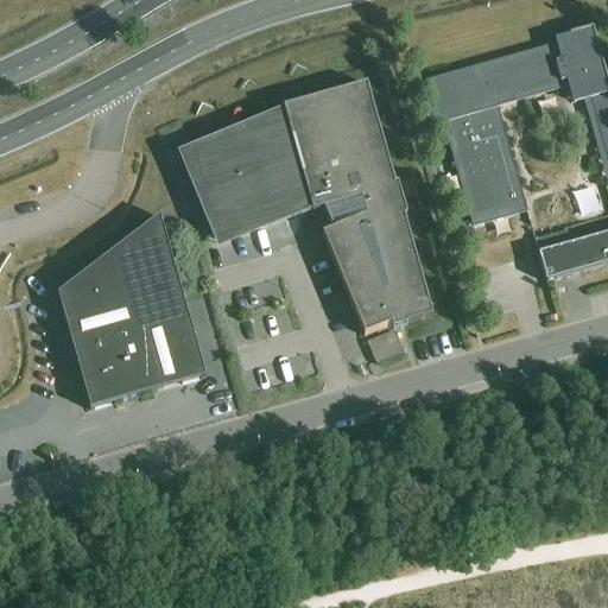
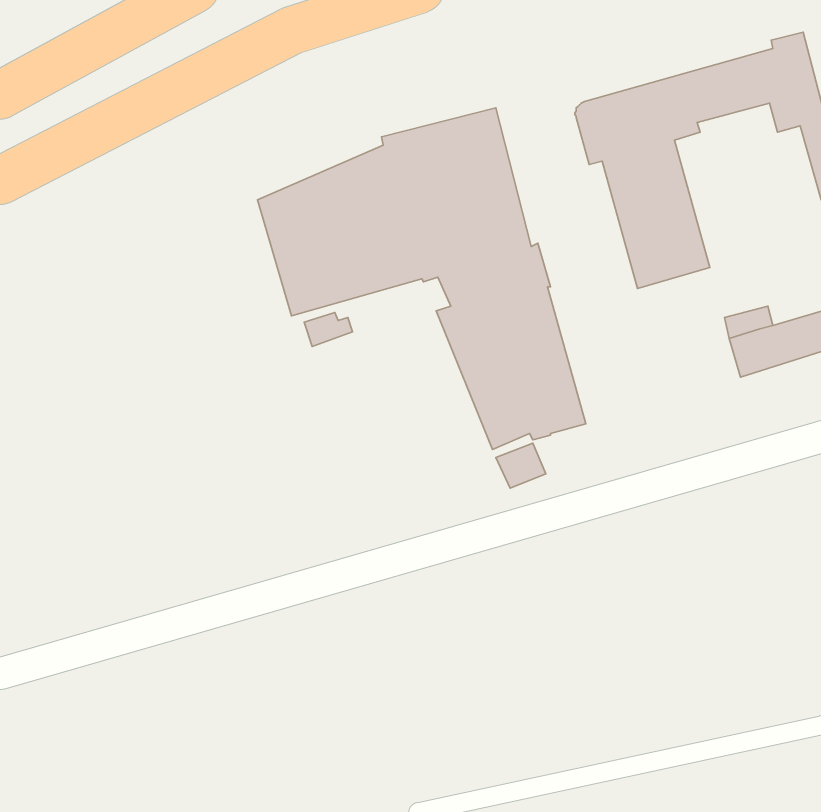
building: [58,211,205,405] -> none

